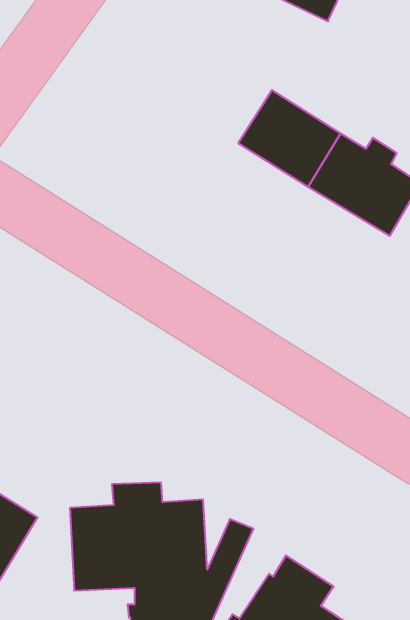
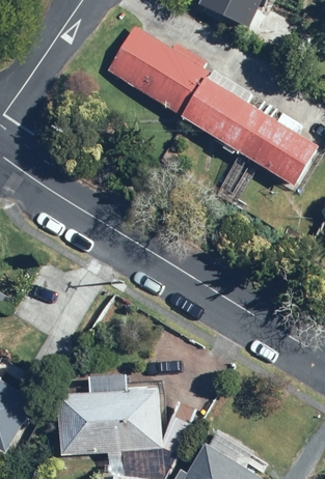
building: none -> [106,27,212,121]

